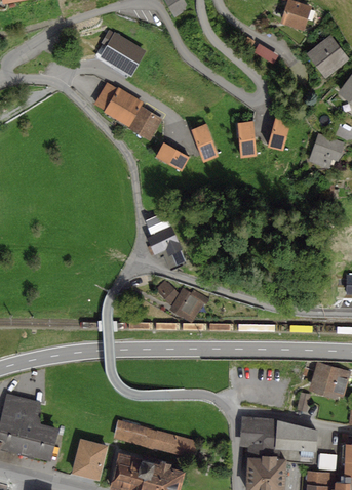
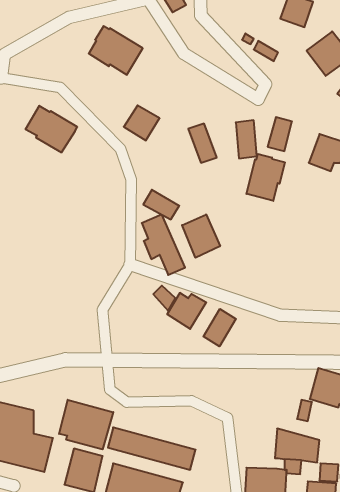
building: [93,82,144,127] -> [25,106,77,152]
building: [155,142,190,171] -> [143,190,179,219]
building: none -> [246,154,285,201]
building: none -> [182,214,220,258]
building: none -> [203,309,236,346]
building: none -> [59,400,113,449]
building: [240,417,278,458] -> none

